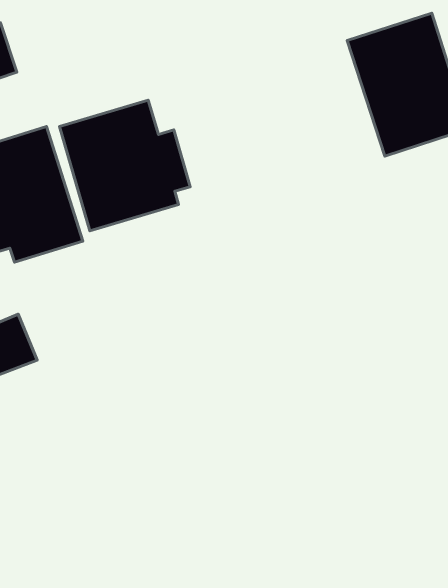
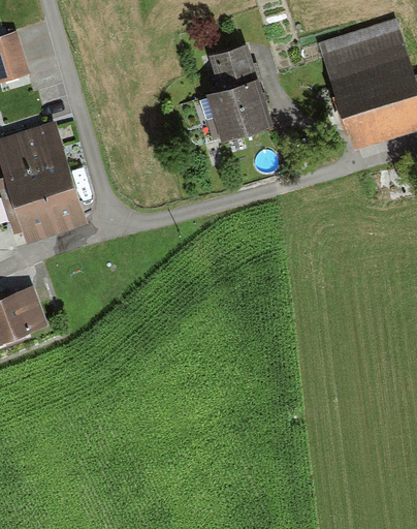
building: none -> [205,44,271,143]
building: [60,100,190,231] -> none

